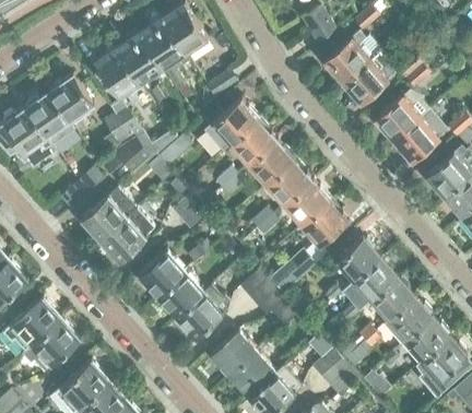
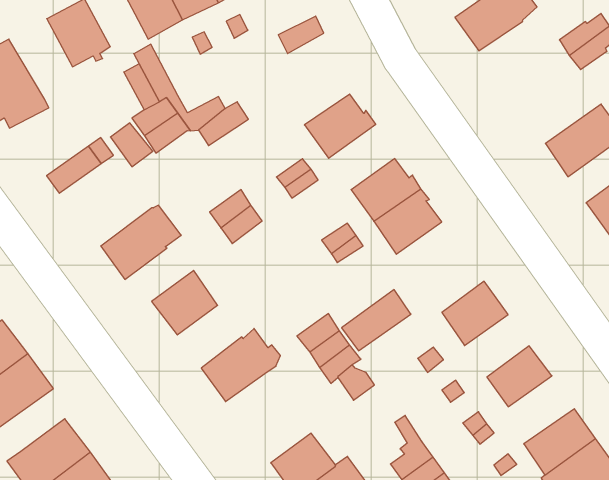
building: [343,49,394,104] -> none
building: [377,91,429,141] -> none
building: [25,92,76,146] -> none
building: [213,98,259,145] -> none
building: [249,140,294,186] -> none
building: [82,189,137,241] -> none
building: [302,201,350,247] -> none
building: [354,259,398,303] -> none
building: [160,273,203,317] -> none
building: [384,297,433,345] -> none
building: [212,331,257,376] -> none

